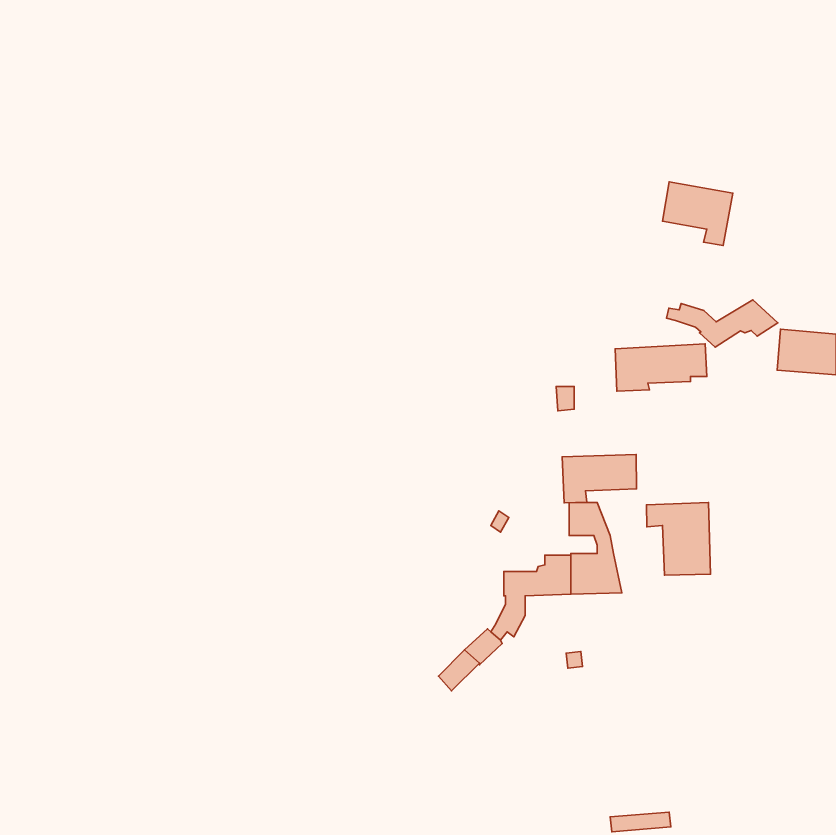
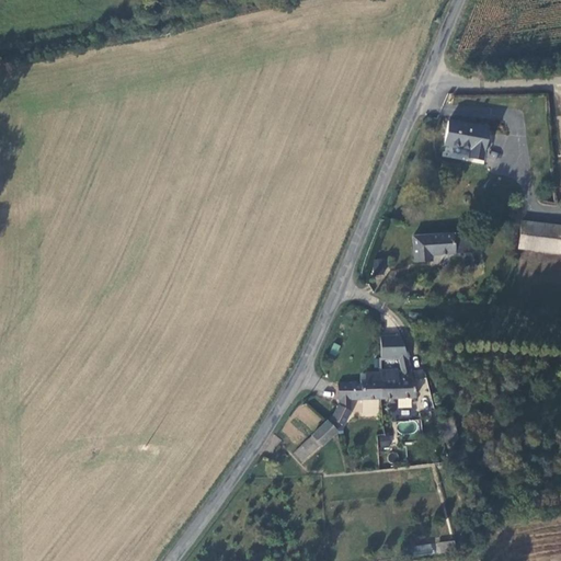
building: [666,300,778,347] -> none
building: [562,455,637,503] -> none
building: [646,502,711,575] -> none

